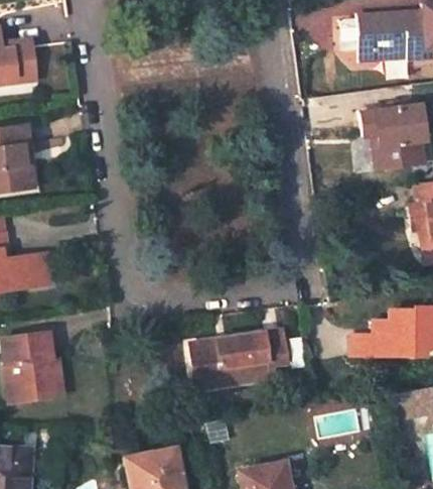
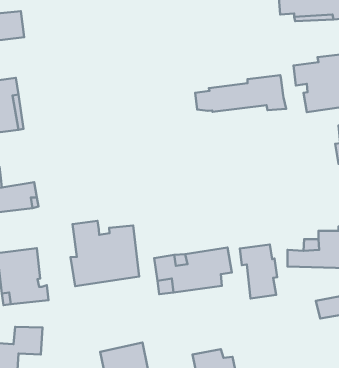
building: none -> [195,75,286,112]
building: none -> [71,221,139,286]
building: none -> [240,245,277,298]

